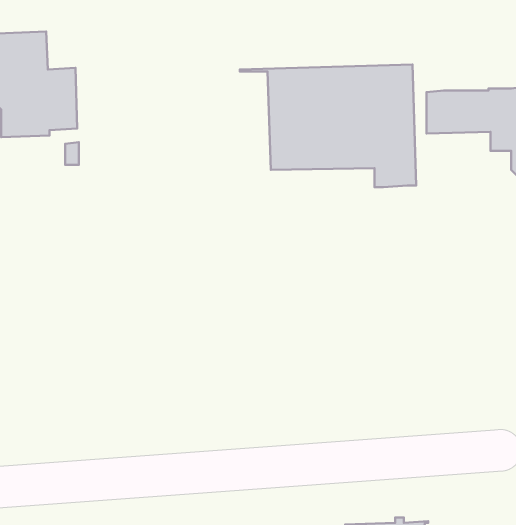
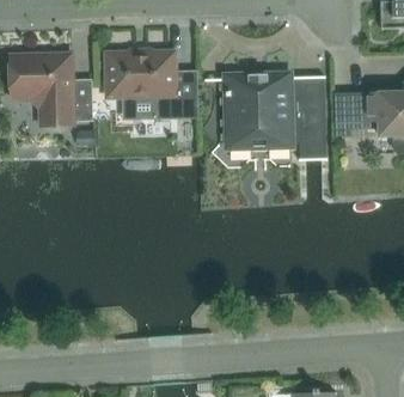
building: none -> [106,50,197,118]

